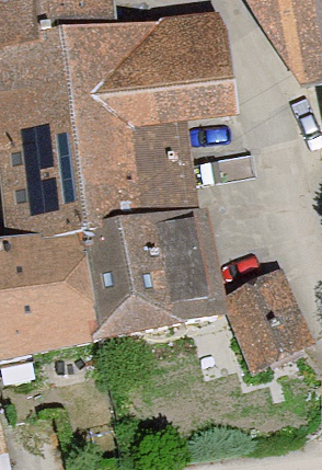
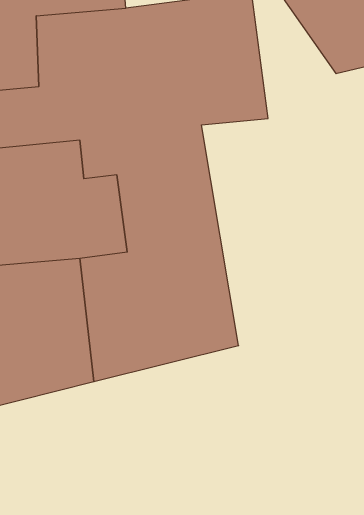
building: [222,267,313,374] -> none

